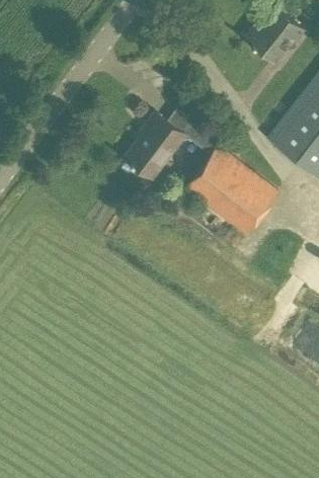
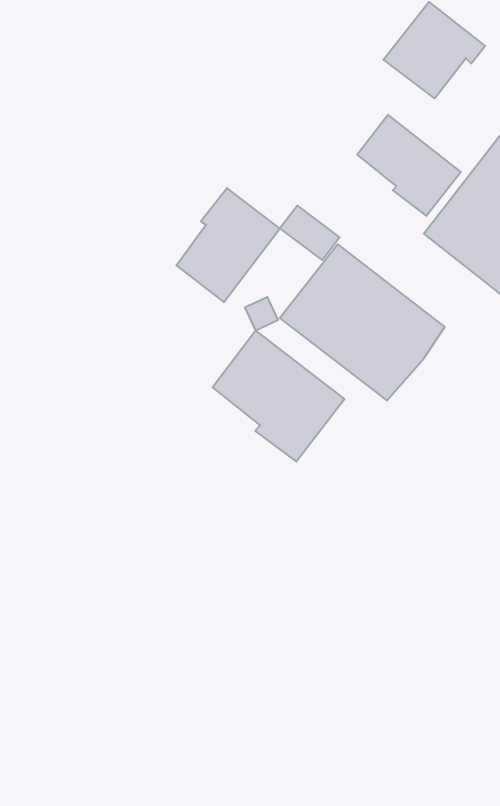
building: none -> [357,115,461,216]
building: none -> [212,330,344,462]

